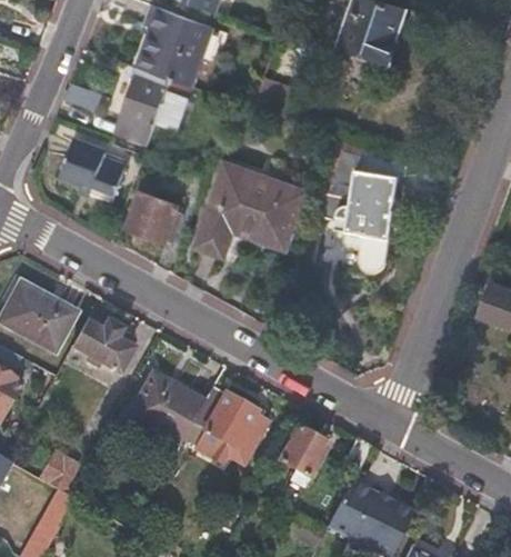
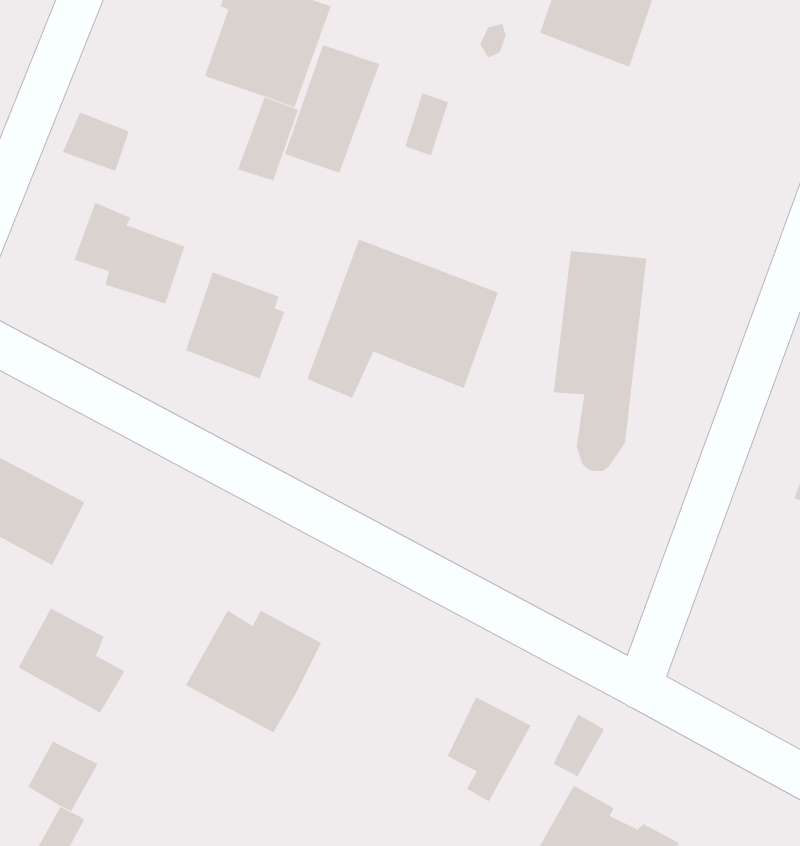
building: [118,69,173,143] -> [284,44,380,173]
building: [70,311,132,372] -> [18,608,126,714]
building: [192,388,260,464] -> none

